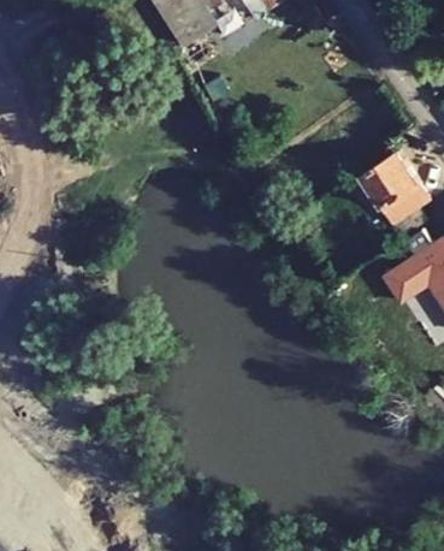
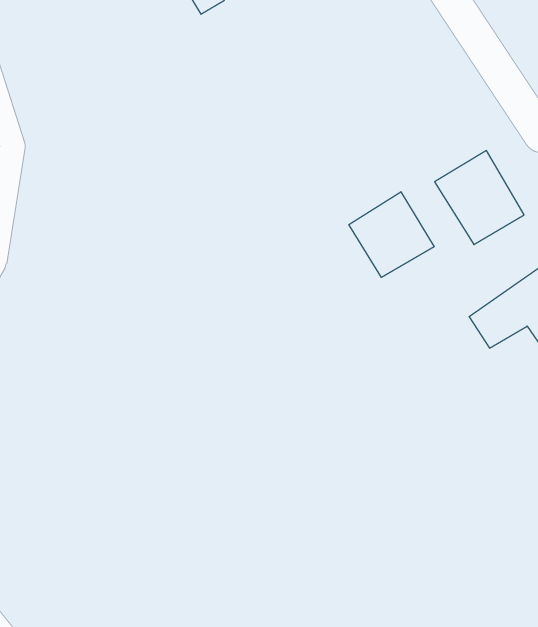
building: none -> [349,192,434,277]

